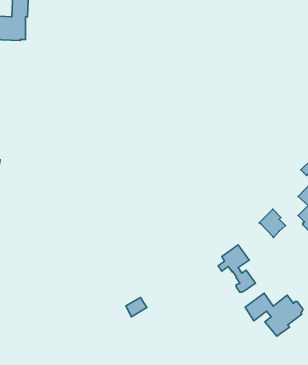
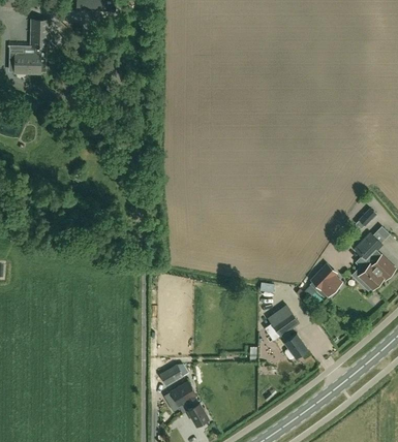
building: [245,293,303,336] -> none
building: none -> [170,381,209,425]

